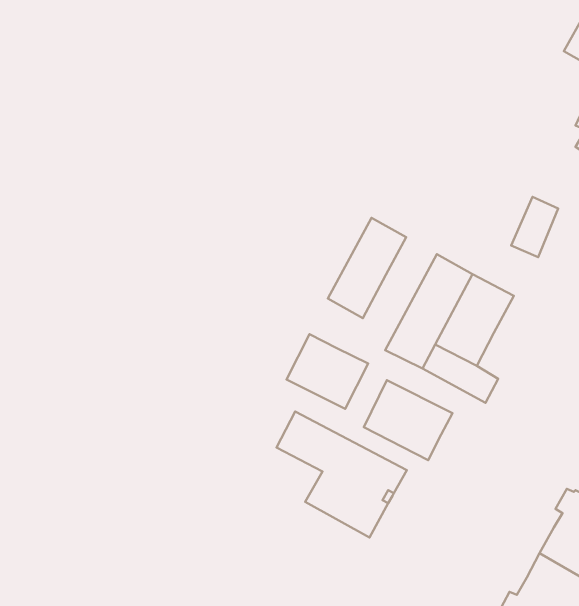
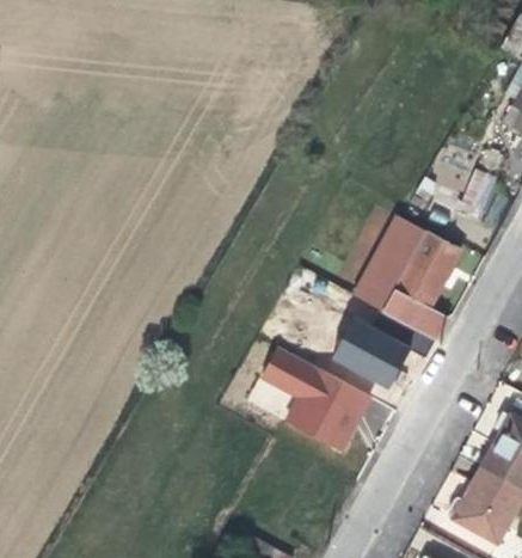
building: [328,218,406,318] -> none
building: [287,334,368,409] -> none

